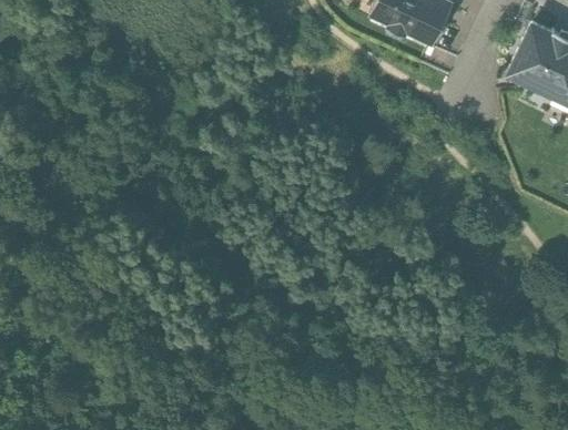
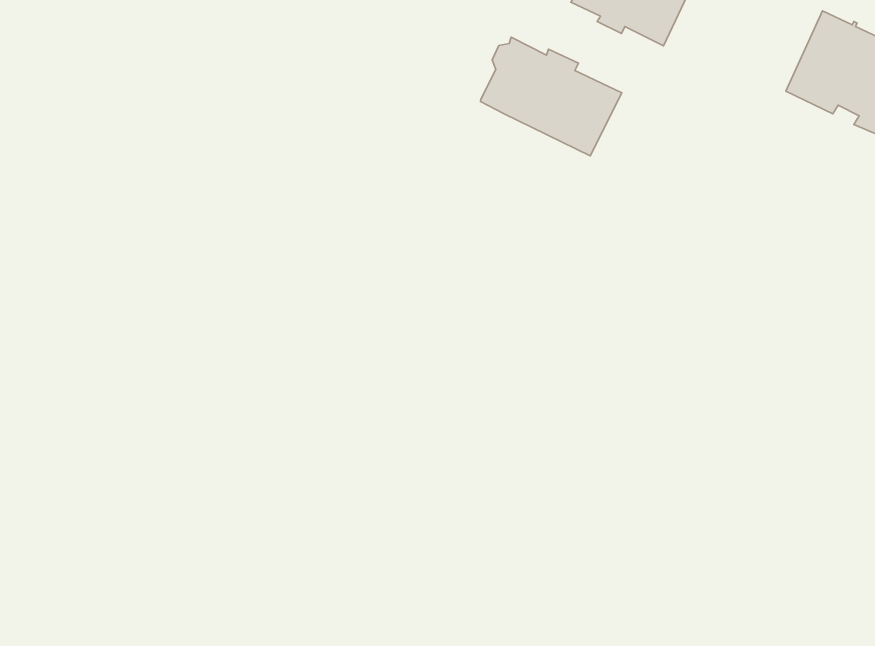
building: none -> [481,37,622,156]

